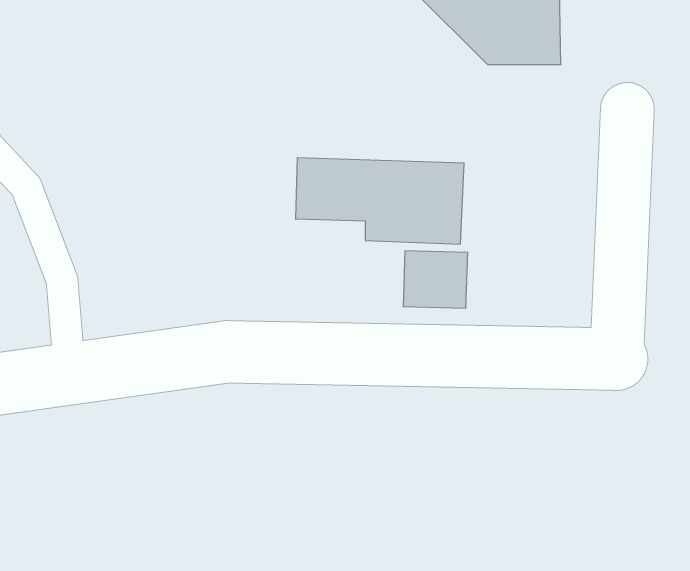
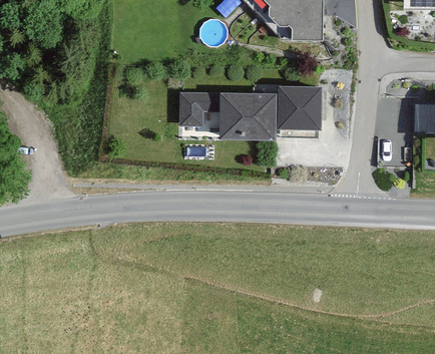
building: [403,251,468,308] -> [281,95,317,127]

